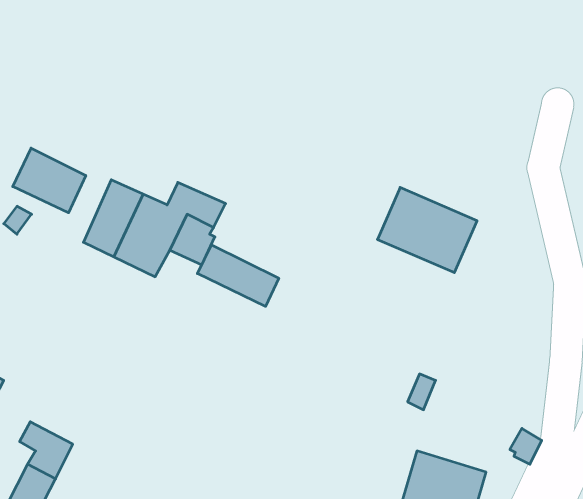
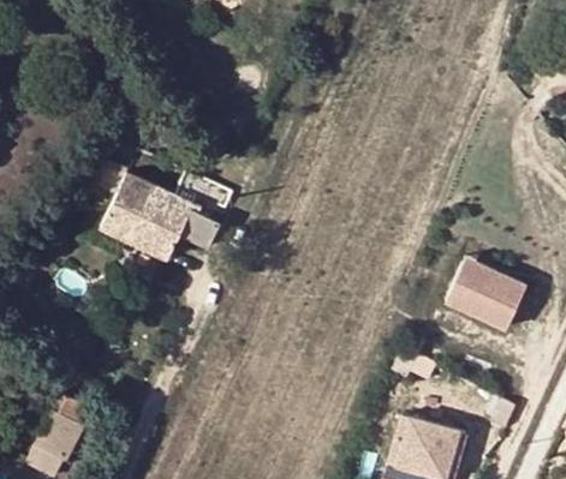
building: [13,148,86,213] -> none
building: [377,187,477,273] -> [442,255,532,331]
building: [197,245,279,306] -> none

